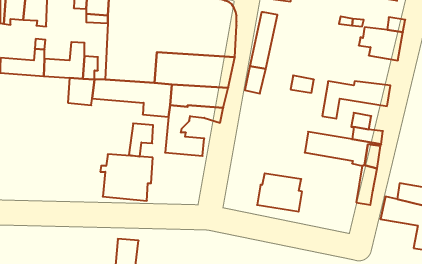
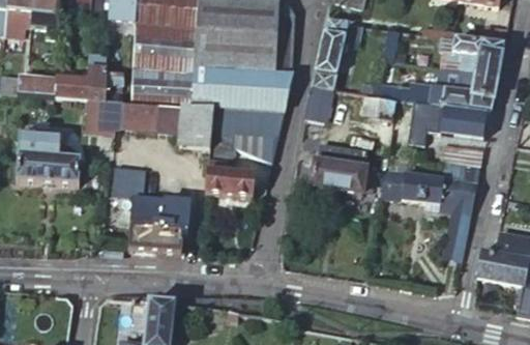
building: none -> [380,64,497,110]
building: none -> [18,125,81,183]
building: [129,123,153,157] -> [111,165,141,206]
building: [257,173,302,212] -> [312,144,367,192]

